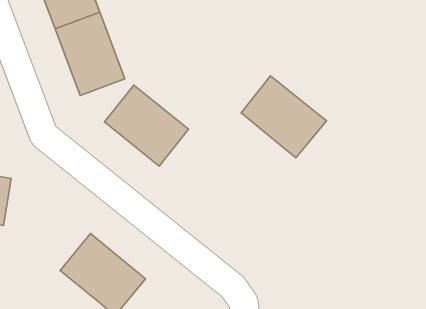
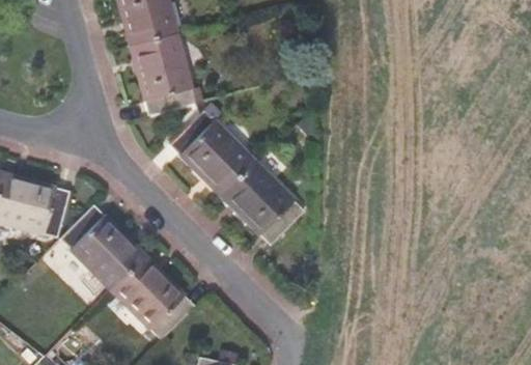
building: [241,76,326,158] -> [222,159,307,244]
building: none -> [61,204,146,288]

